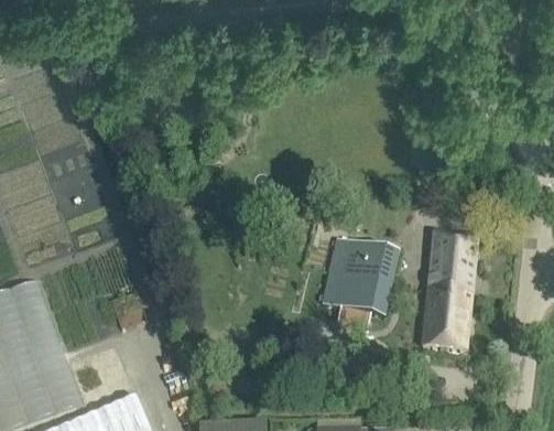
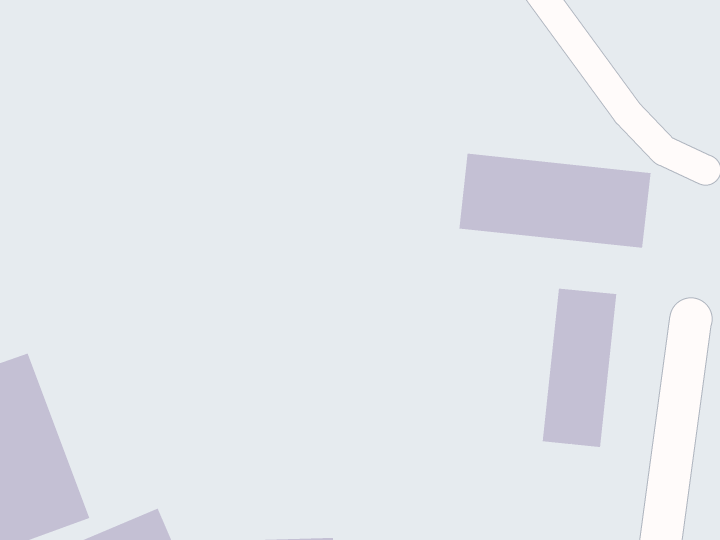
building: none -> [459,153,651,249]
building: [321,238,397,315] -> none

